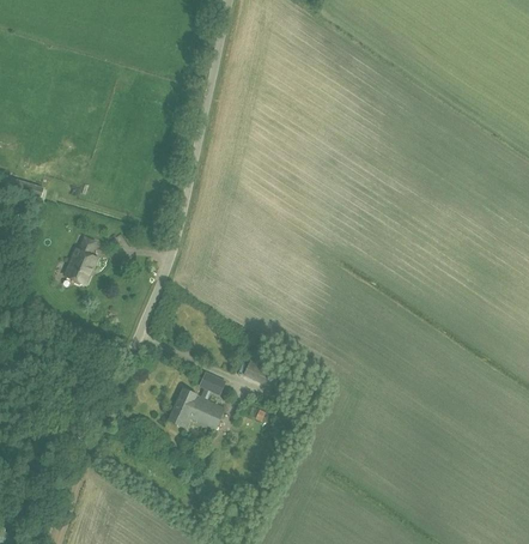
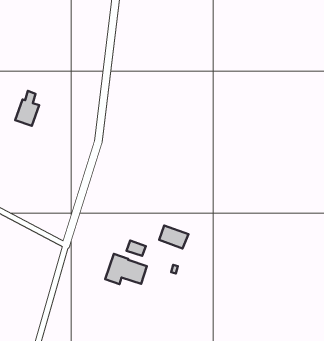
building: [63,237,97,284] -> [15,91,39,126]

